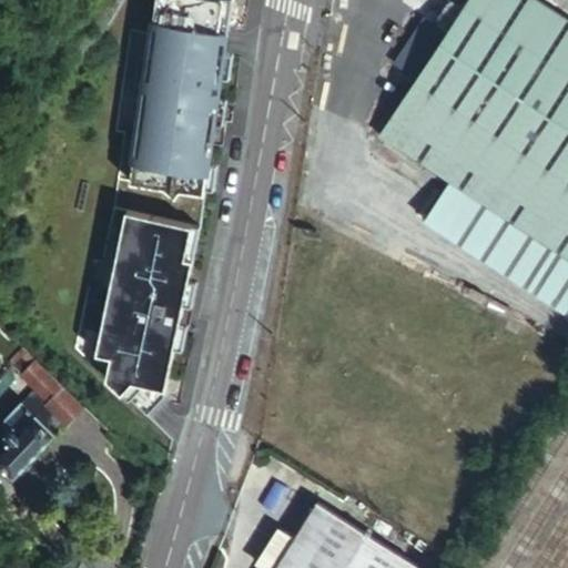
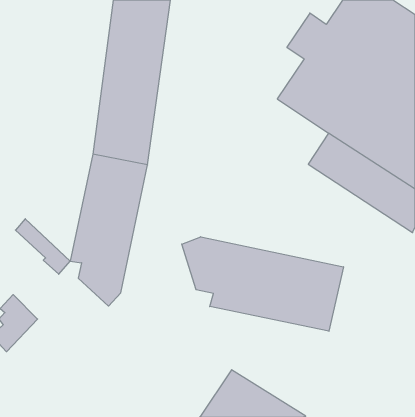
building: none -> [182,237,343,331]
building: [8,349,82,425] -> [15,219,70,274]

